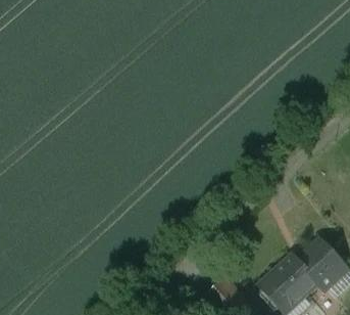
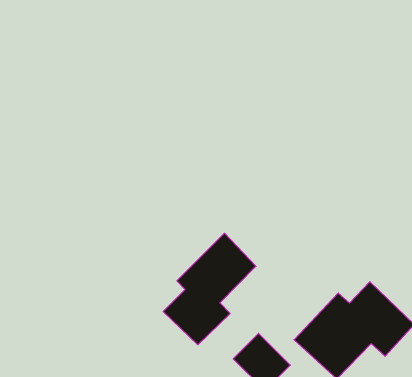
building: none -> [163,233,256,345]

